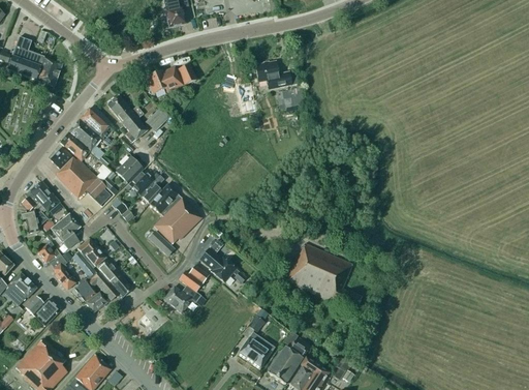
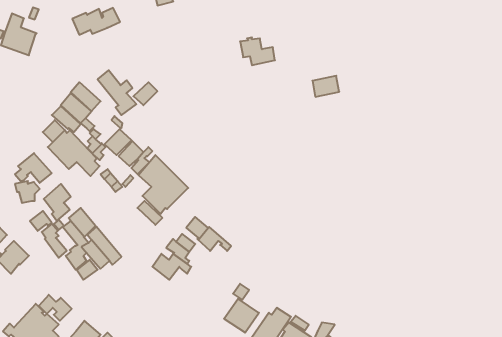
building: [35,57,61,86] -> none
building: [146,65,195,93] -> [72,8,120,35]
building: [275,87,303,109] -> [312,76,339,97]
building: [285,243,361,309] -> none
building: [25,296,59,323] -> [39,295,72,321]

